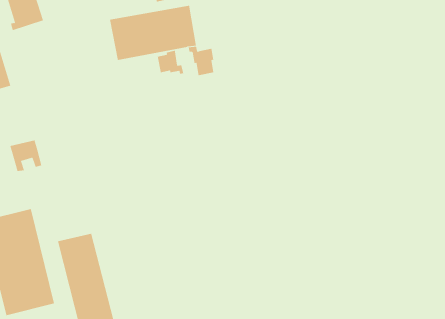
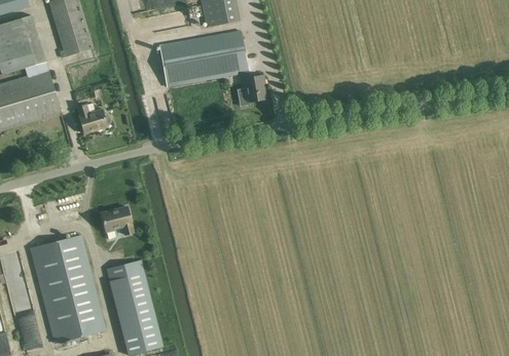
building: [157,50,184,75] -> none
building: none -> [77,103,109,132]
building: [10,140,42,171] -> [100,206,133,238]

